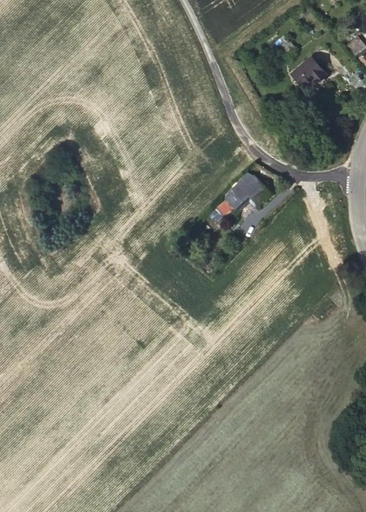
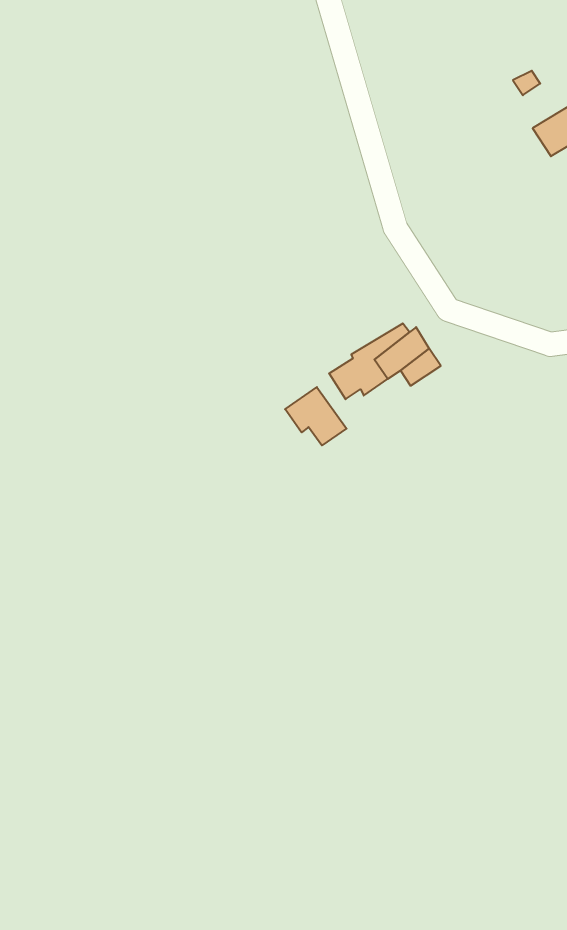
building: none -> [285,387,347,445]

